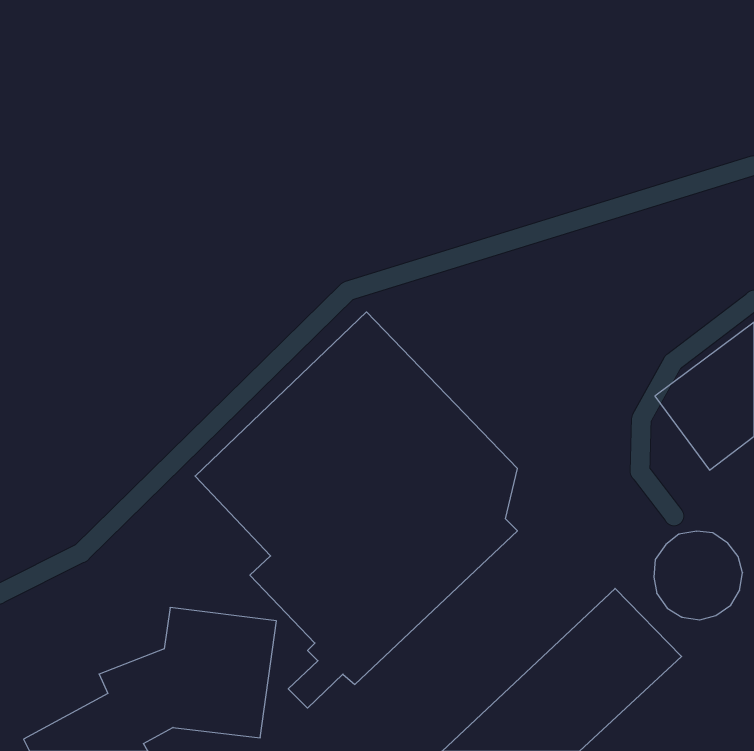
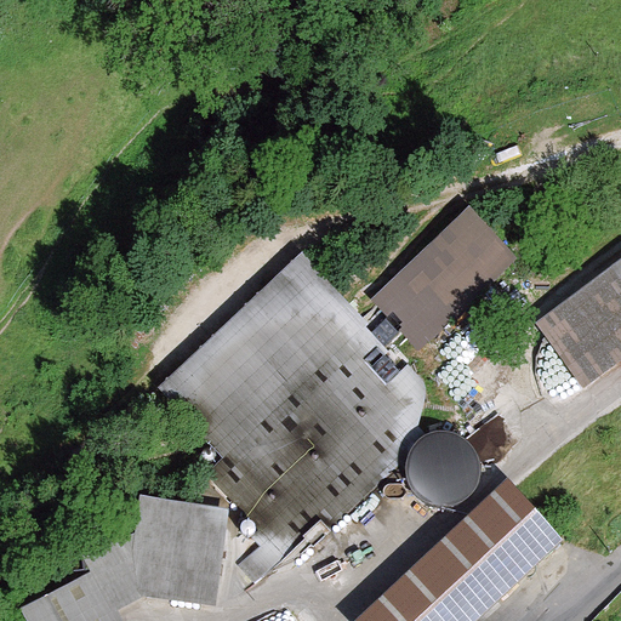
building: none -> [371,205,515,348]
building: [654,531,743,620] -> [408,434,480,507]

